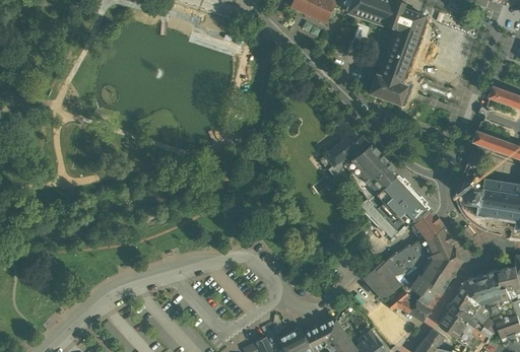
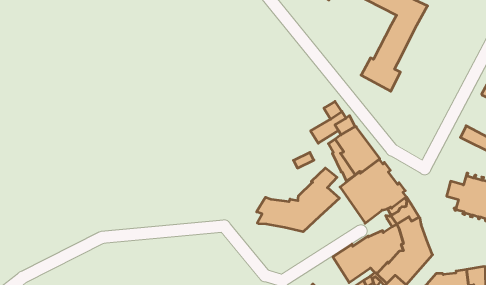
building: none -> [257,168,339,232]

